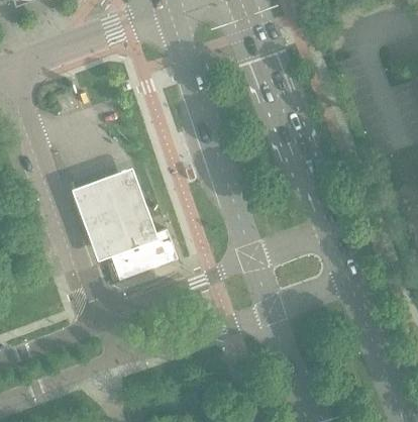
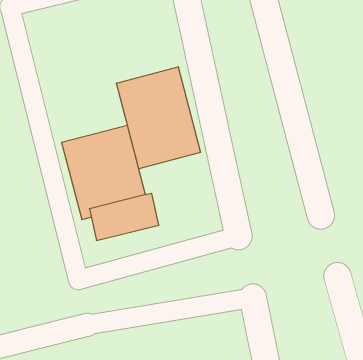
building: none -> [116,67,201,169]

